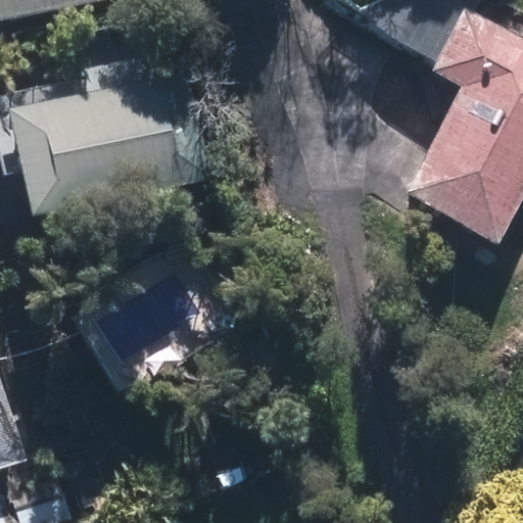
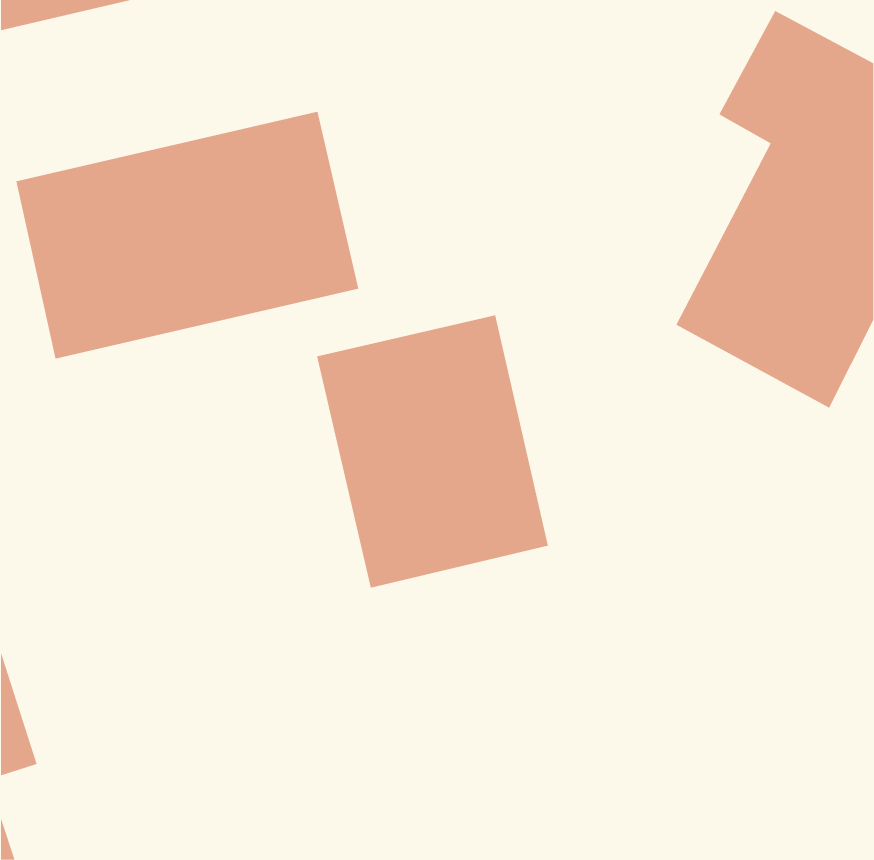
building: none -> [317,315,549,588]

